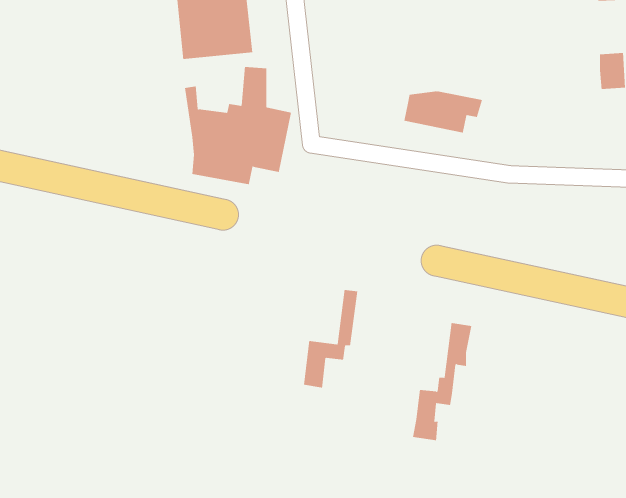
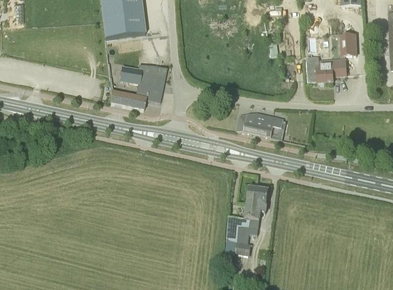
building: [404,91,483,133] -> [237,112,282,136]
building: none -> [316,57,346,83]
building: [303,289,358,388] -> [226,185,257,241]

